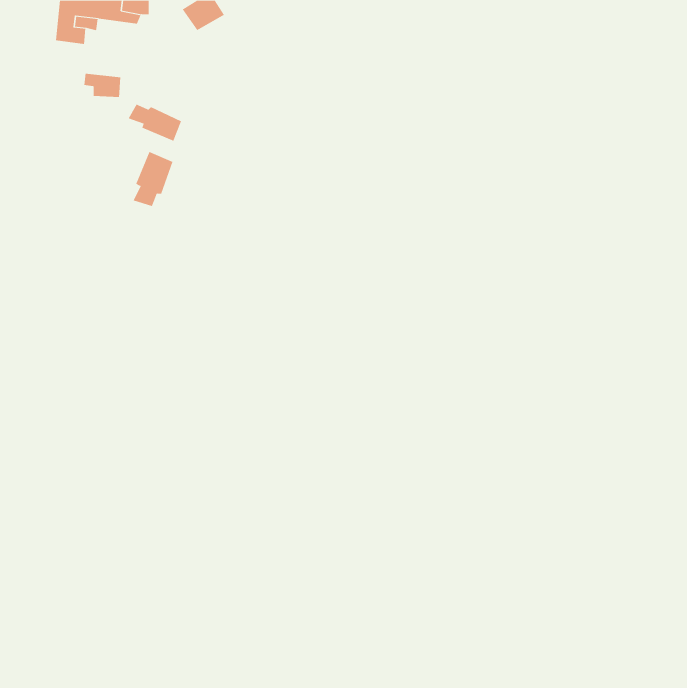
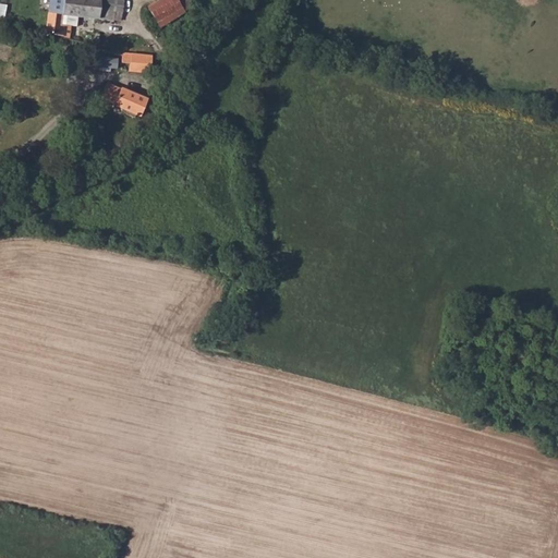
building: [83,73,121,97] -> [122,51,153,71]
building: [133,151,173,207] -> none

